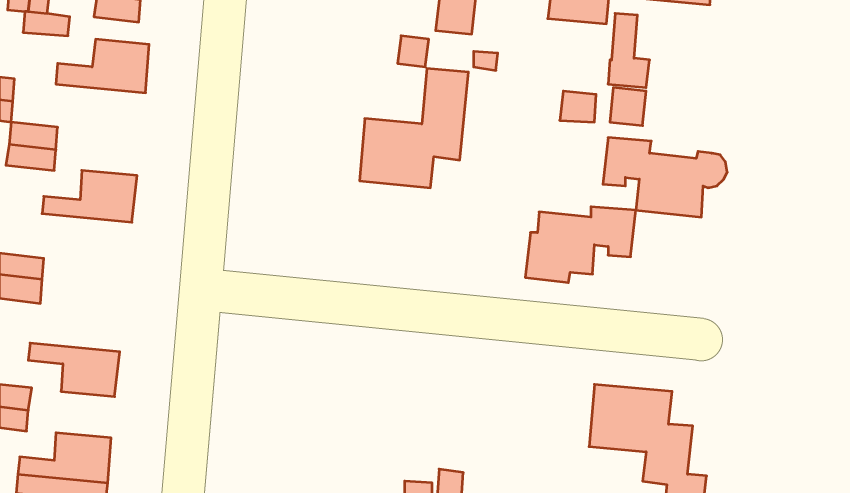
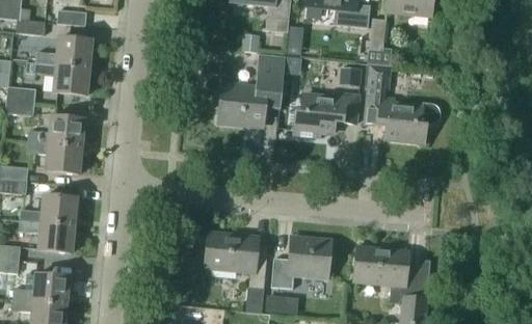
building: none -> [26,62,89,96]
building: [525,207,636,283] -> [292,92,358,138]
building: none -> [26,141,81,174]
building: none -> [20,193,77,224]
building: none -> [208,230,268,289]
building: none -> [270,237,330,289]

